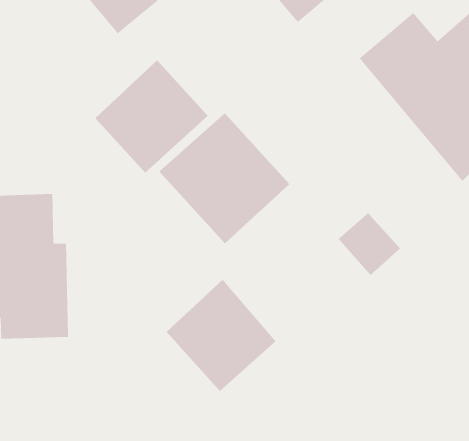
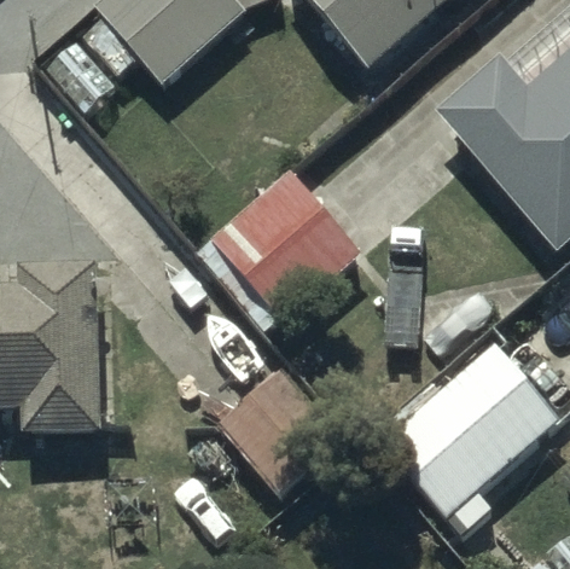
building: [95,60,209,173] -> none
building: none -> [368,343,556,533]

